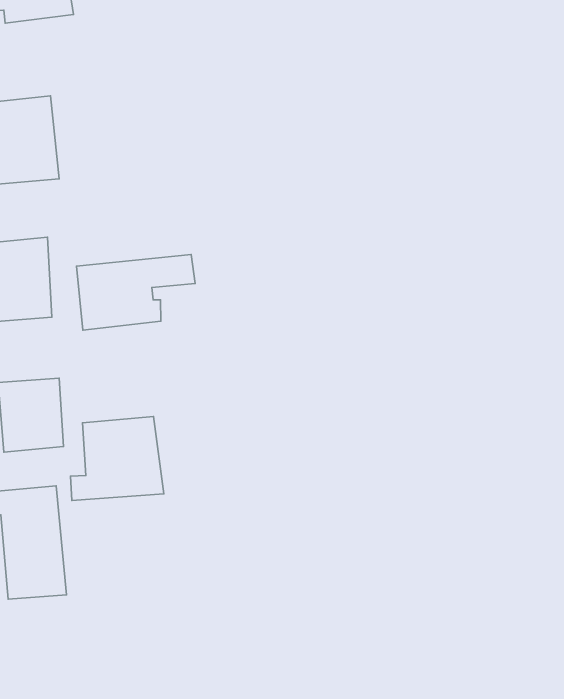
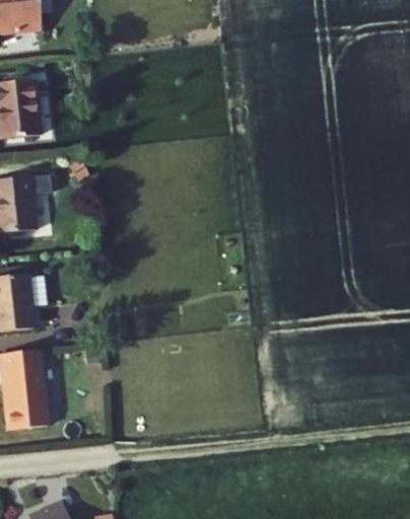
building: [76,255,195,330] -> none
building: [71,416,164,500] -> none

